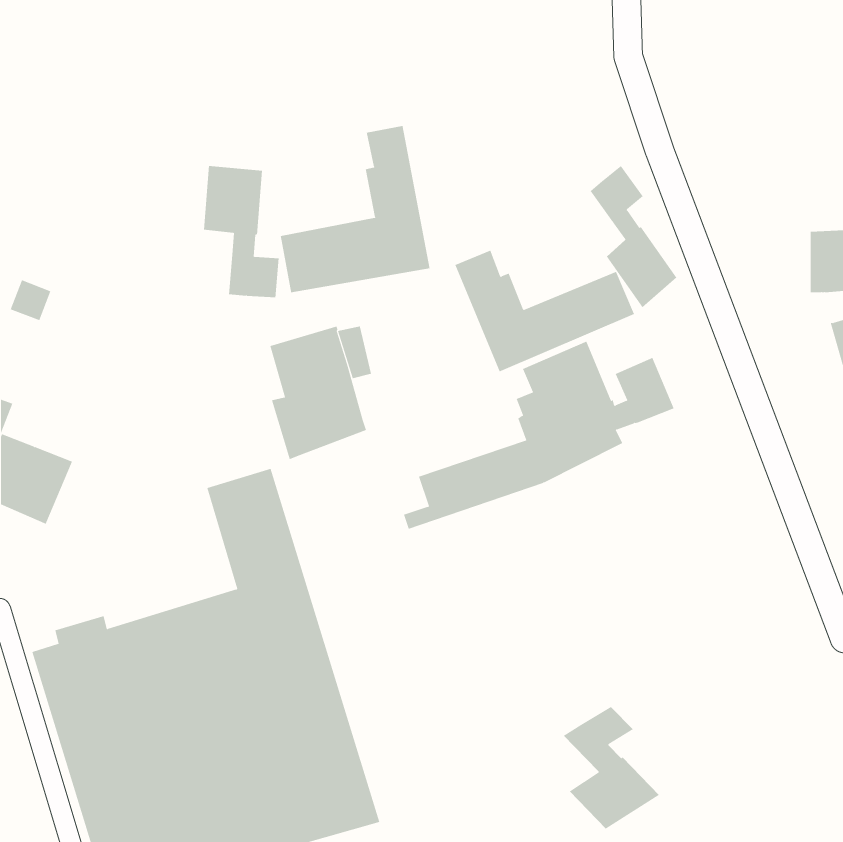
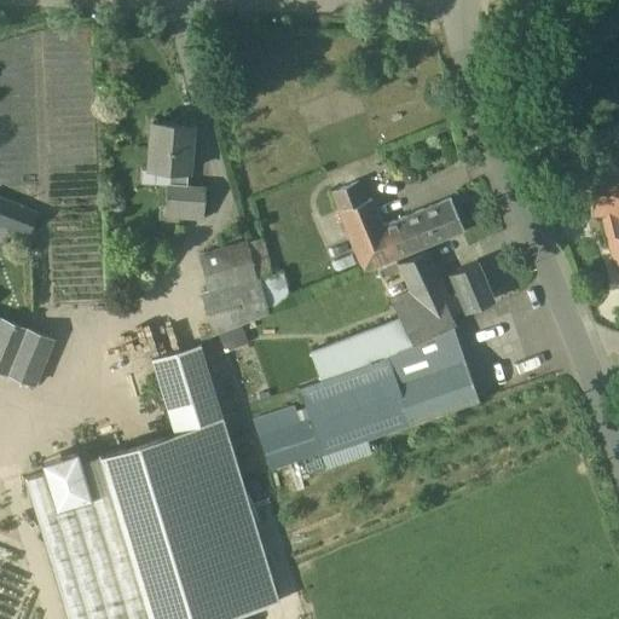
building: [280,125,430,293] -> none
building: [590,165,677,308] -> none
building: none -> [255,328,480,487]
building: [563,706,660,829] -> none

